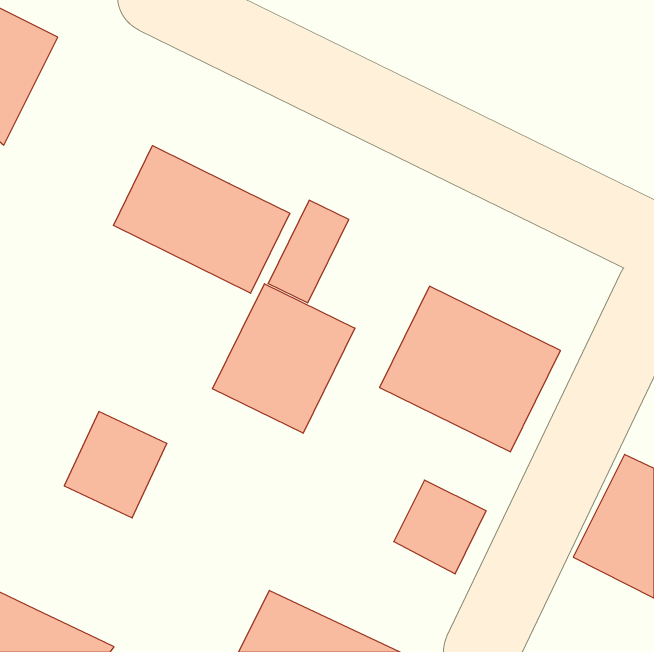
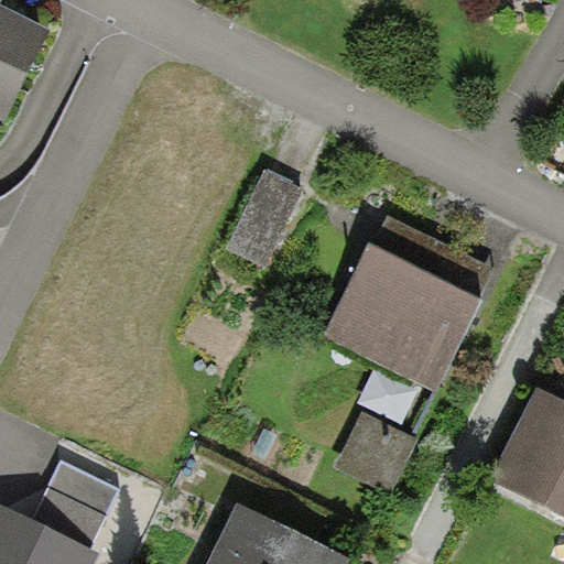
building: [113,146,290,293] -> none
building: [213,284,355,433] -> none
building: [64,411,167,518] -> [31,459,119,551]

